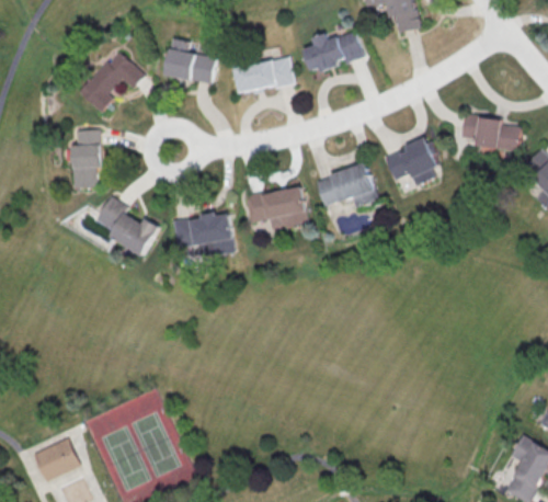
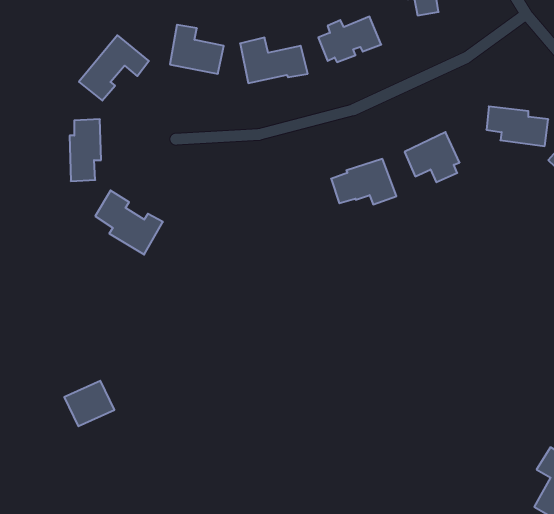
building: [246,184,308,228] -> none
building: [171,213,235,258] -> none
building: [37,441,84,483] -> [64,381,114,426]

